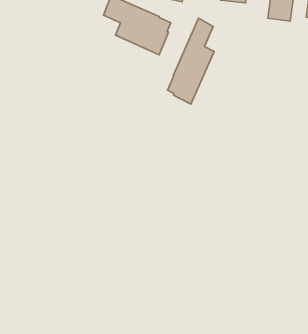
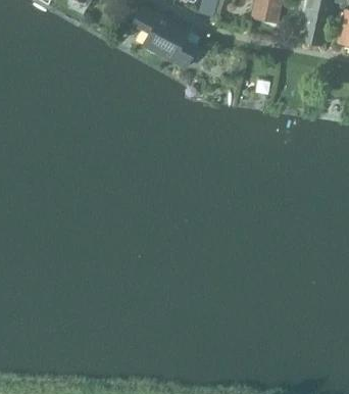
building: [167,18,214,104] -> none

